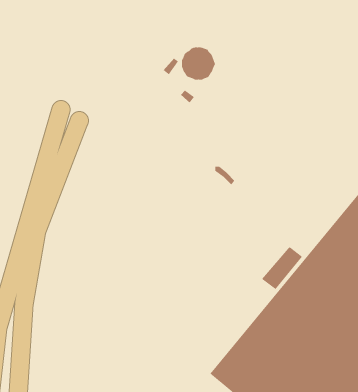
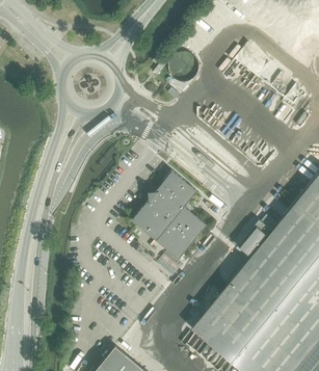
building: none -> [131,171,206,259]

